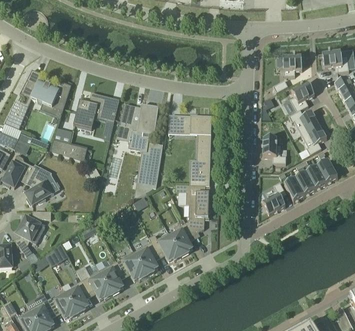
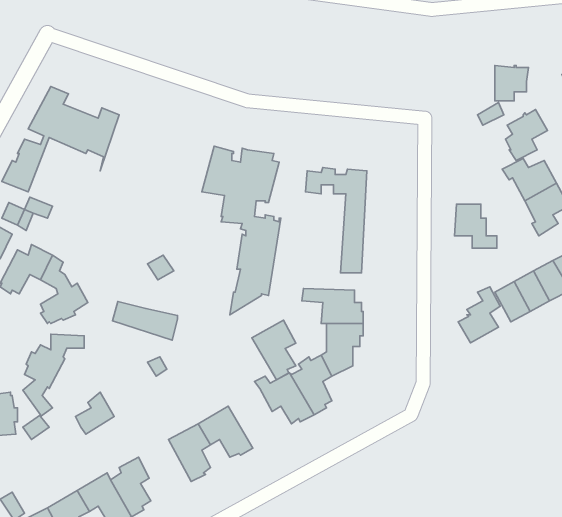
building: [73,91,119,128] -> none
building: [50,138,87,160] -> [112,302,177,340]
building: [133,240,158,274] -> [252,320,296,380]
building: [76,264,112,298] -> none

